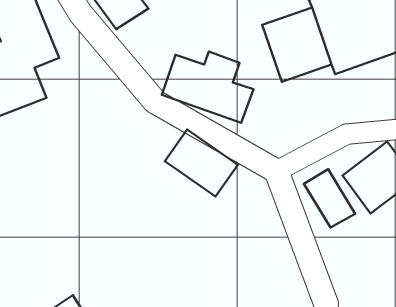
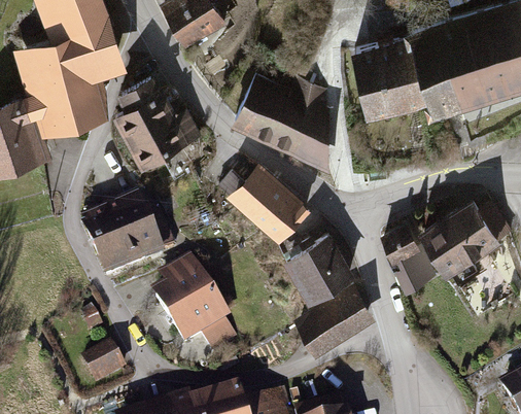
building: none -> [115,78,197,172]
building: none -> [84,197,162,274]
building: none -> [282,233,369,357]
building: none -> [159,256,240,356]

